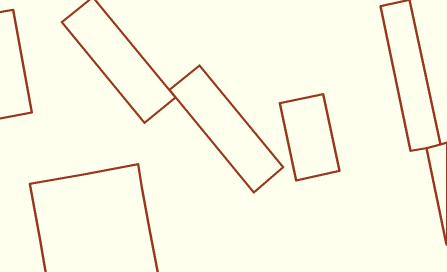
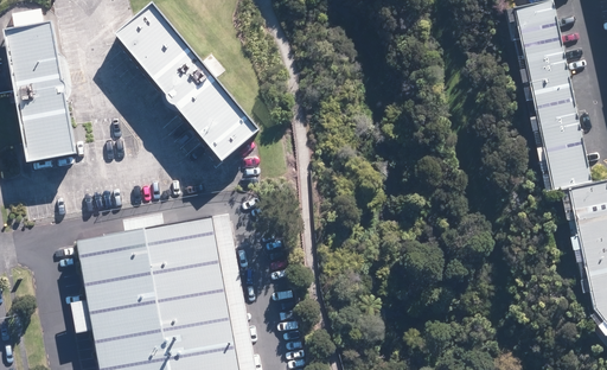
building: [169,65,283,193] -> none
building: [280,94,339,181] -> none

